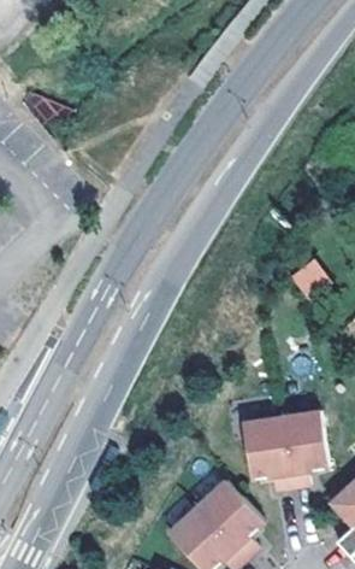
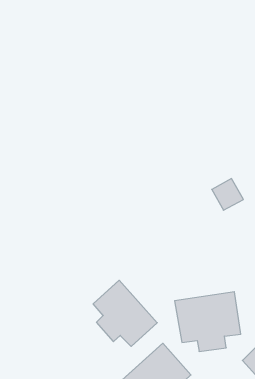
building: none -> [93,280,157,346]

